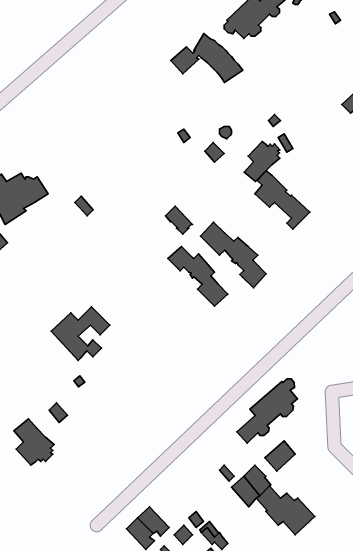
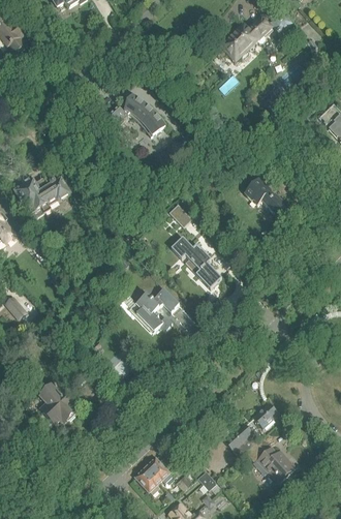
building: [171,33,243,82] -> [104,94,165,135]
building: [244,142,280,182] -> none
building: [201,222,266,288] -> none
building: [51,307,110,360] -> [129,287,179,333]
building: [237,379,297,443] -> none

